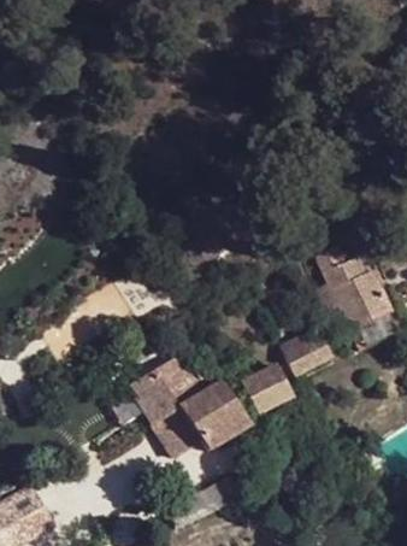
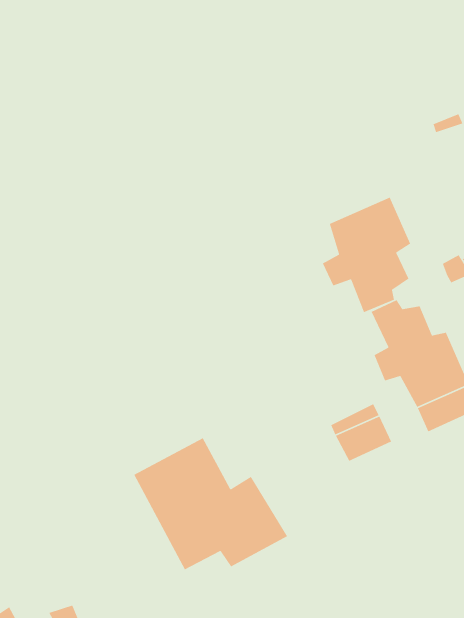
building: none -> [322,196,411,313]
building: [240,365,290,411] -> none

